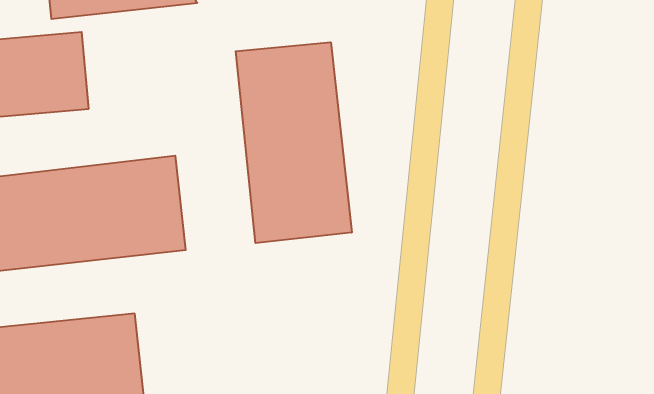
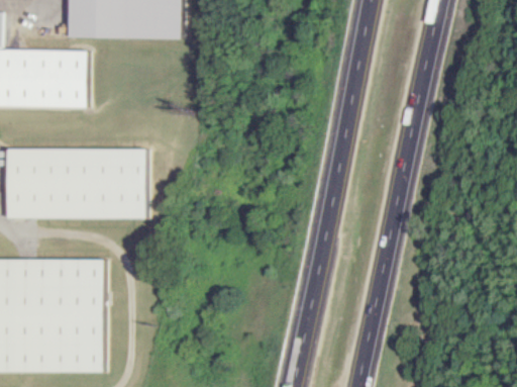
building: [236,42,352,243] -> none

